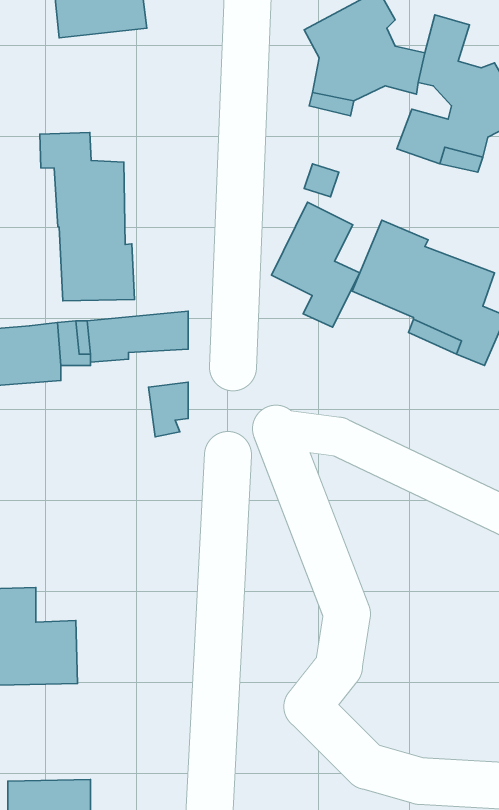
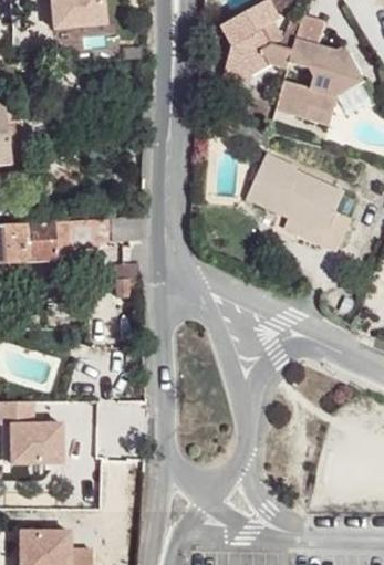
building: [40,133,135,301] -> none
building: [271,202,360,327] -> none

